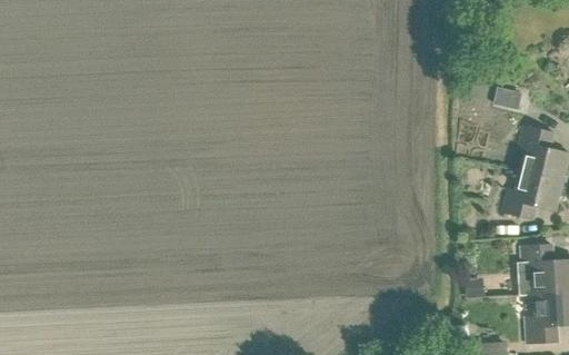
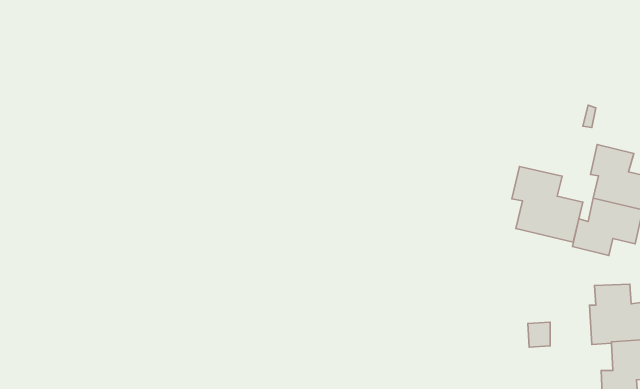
building: none -> [512,167,583,242]

